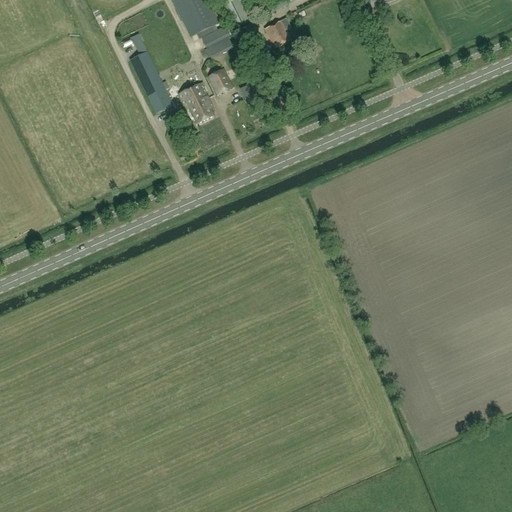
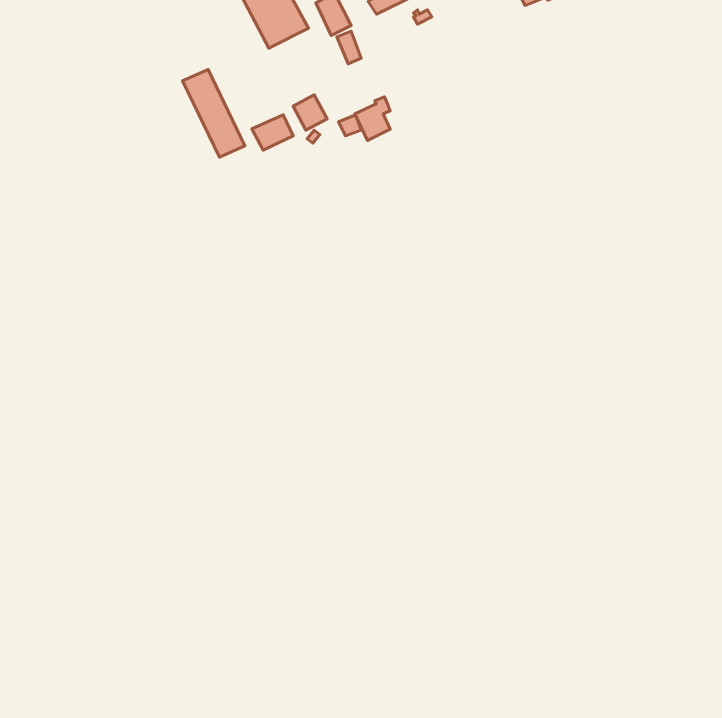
building: [265,15,290,46] -> [355,97,390,141]
building: [202,24,232,56] -> none
building: [186,96,213,121] -> none

